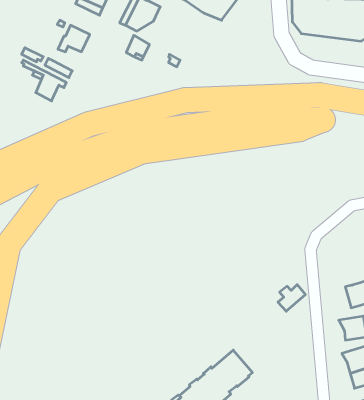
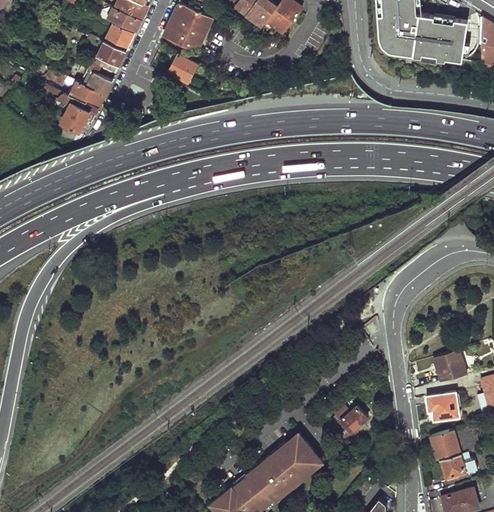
building: none -> [102,25,134,53]
building: none -> [81,71,111,97]
building: [278,285,305,311] -> [332,407,365,439]

